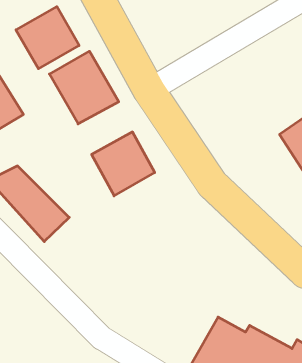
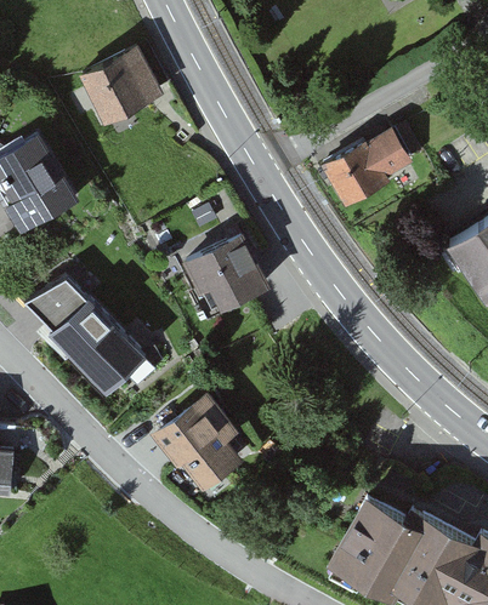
building: [49,51,119,124] -> none
building: none -> [318,125,410,206]
building: none -> [155,399,243,498]

